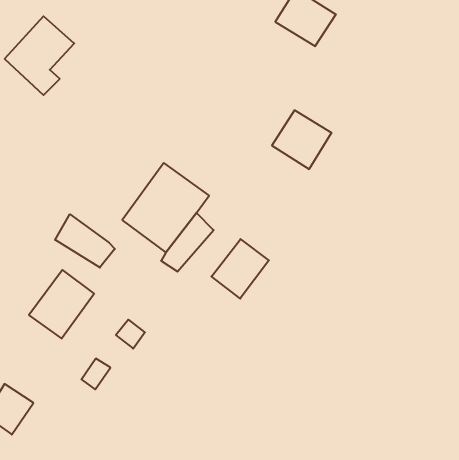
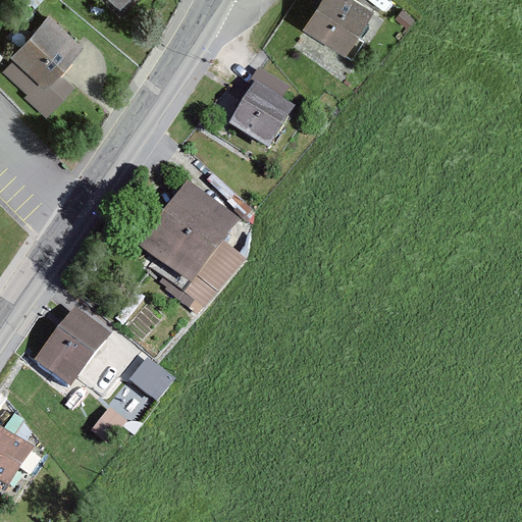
building: [272,110,332,169] -> [239,87,306,153]
building: [55,214,115,268] -> none
building: [211,239,269,299] -> none

